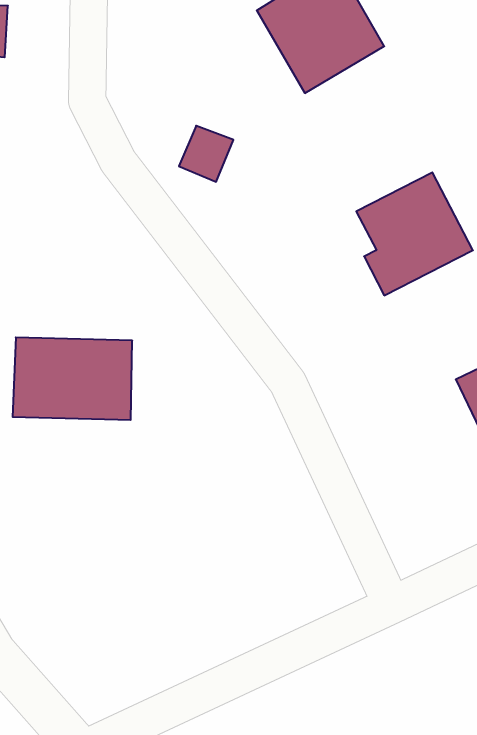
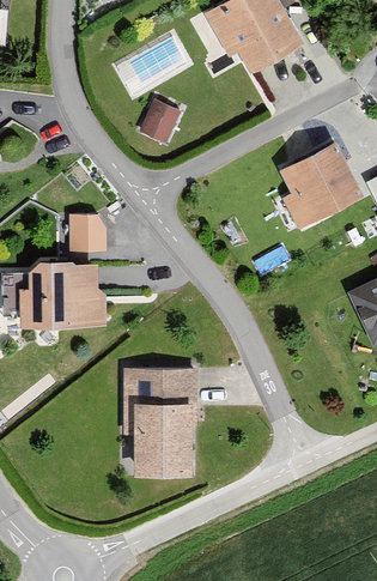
building: none -> [61,213,104,255]
building: none -> [123,365,191,470]

